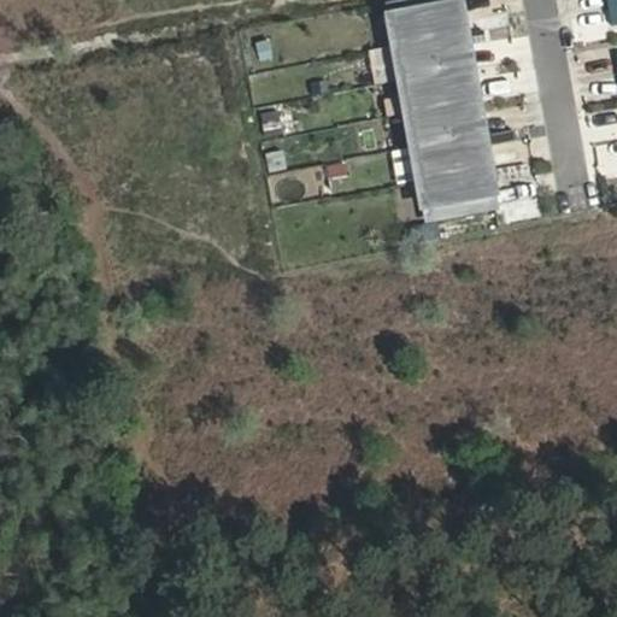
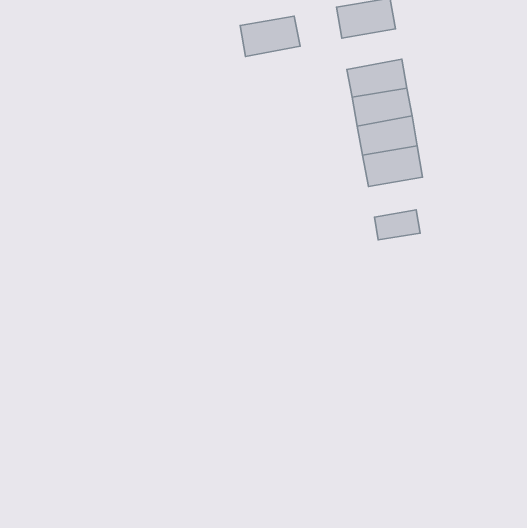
building: [398,34,468,81] -> [240,16,300,57]
building: none -> [375,210,420,240]

